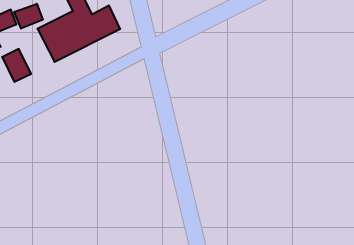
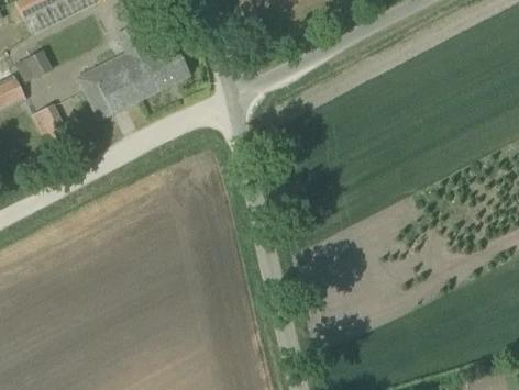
building: [14,4,43,29] -> none

